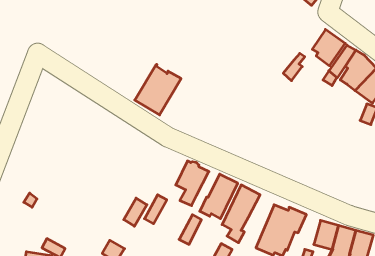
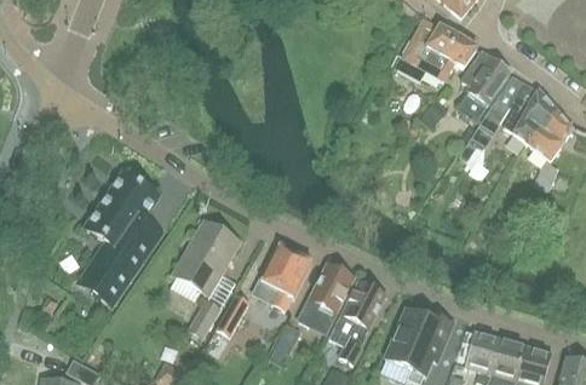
building: none -> [397,19,477,81]
building: [135,65,181,115] -> [173,220,241,294]
building: none -> [75,169,162,306]

